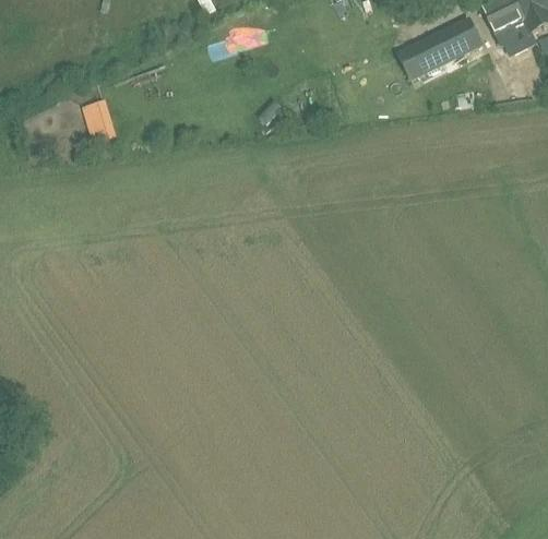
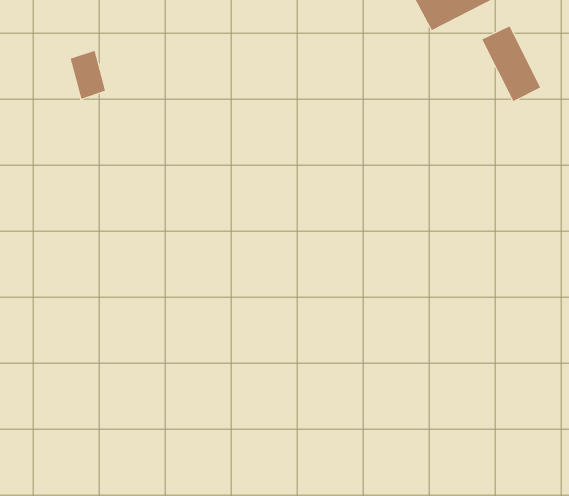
building: none -> [481,26,541,102]

